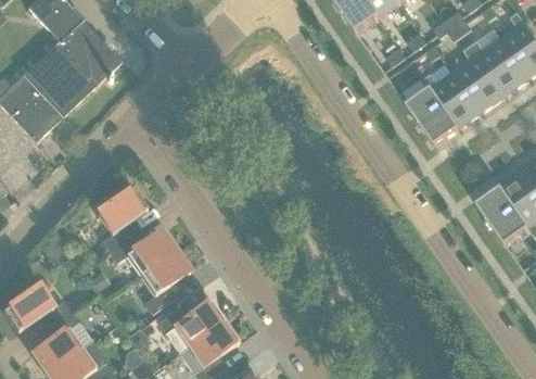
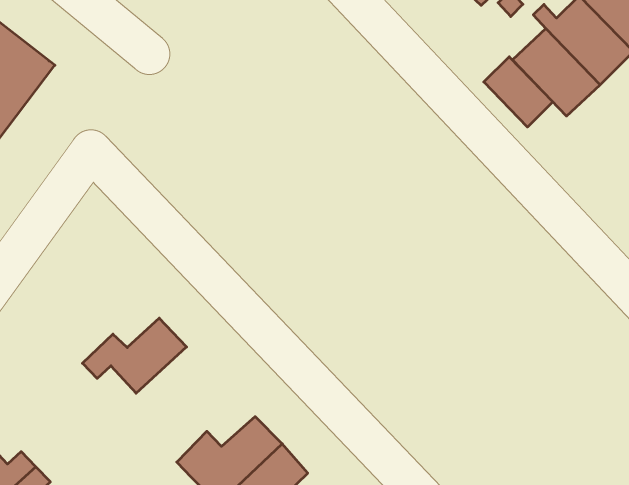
building: none -> [484,57,553,127]
building: [98,188,148,250] -> none
building: [140,250,190,312] -> none

